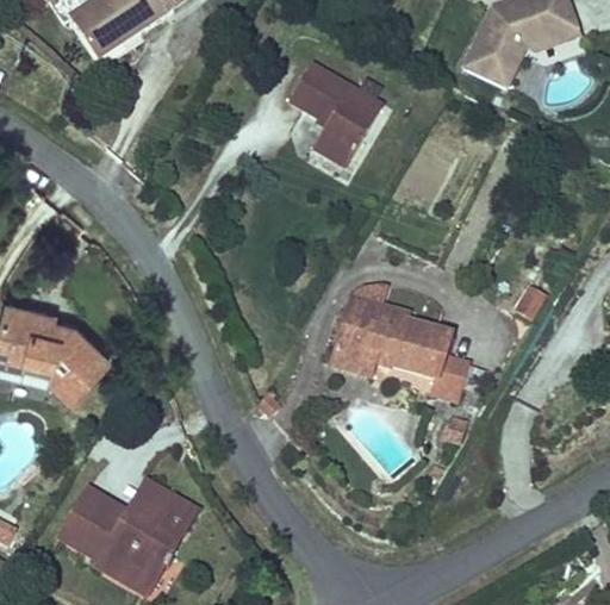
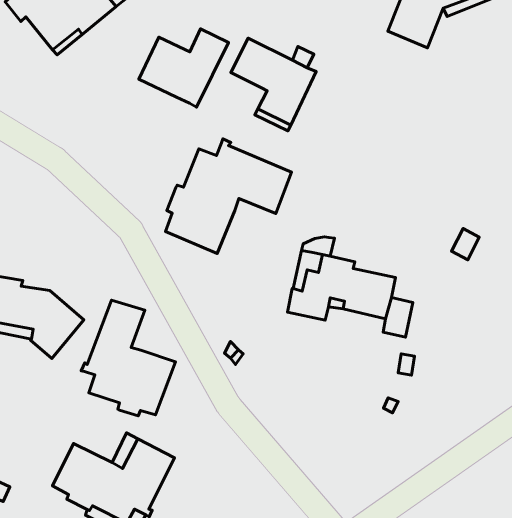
building: none -> [139,29,228,107]
building: none -> [165,139,292,253]
building: none -> [81,300,176,416]

